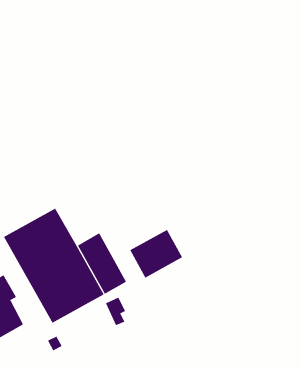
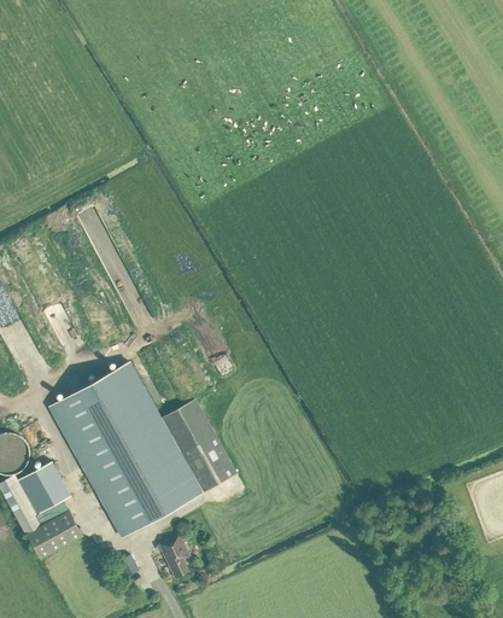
building: [130,229,183,278] -> none
building: [105,297,126,326] -> [158,534,189,577]

